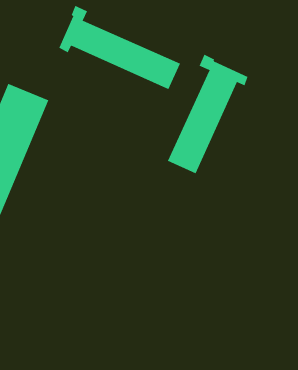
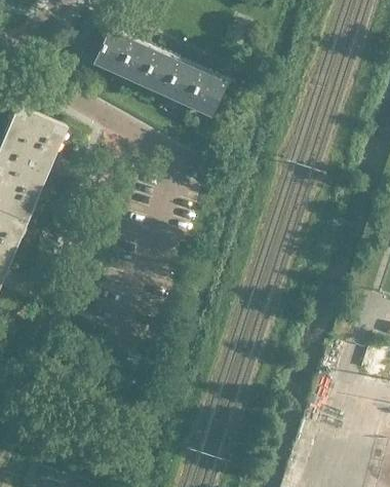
building: [167,54,248,174] -> none

